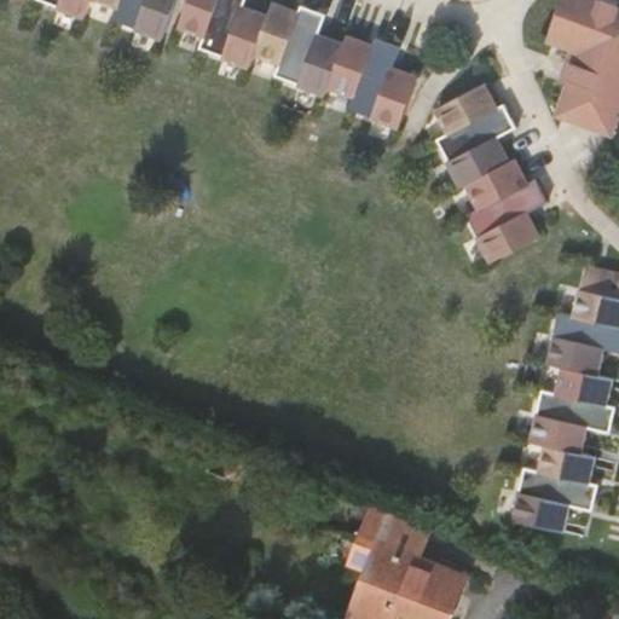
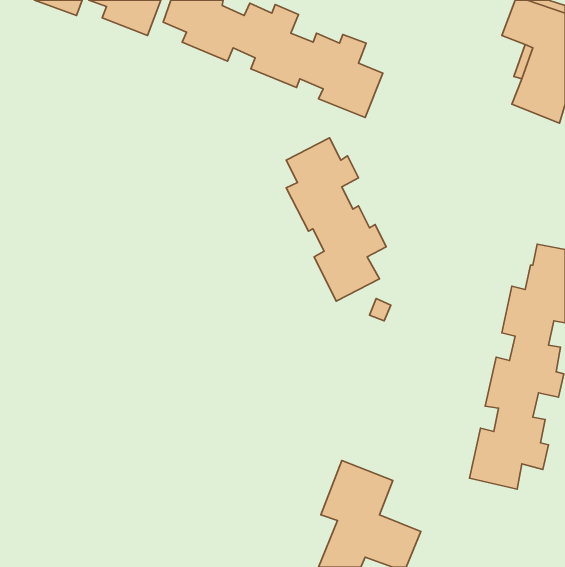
building: [436,85,545,262] -> [286,138,386,301]

